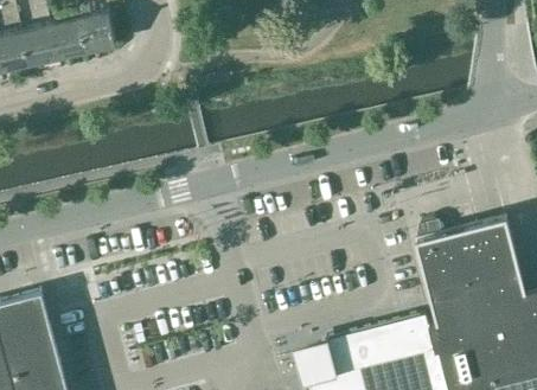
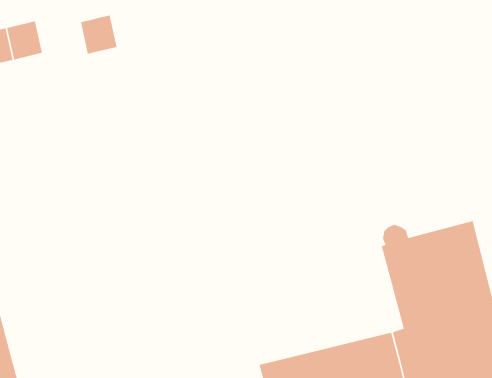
building: [79,14,116,53] -> [80,15,118,55]

